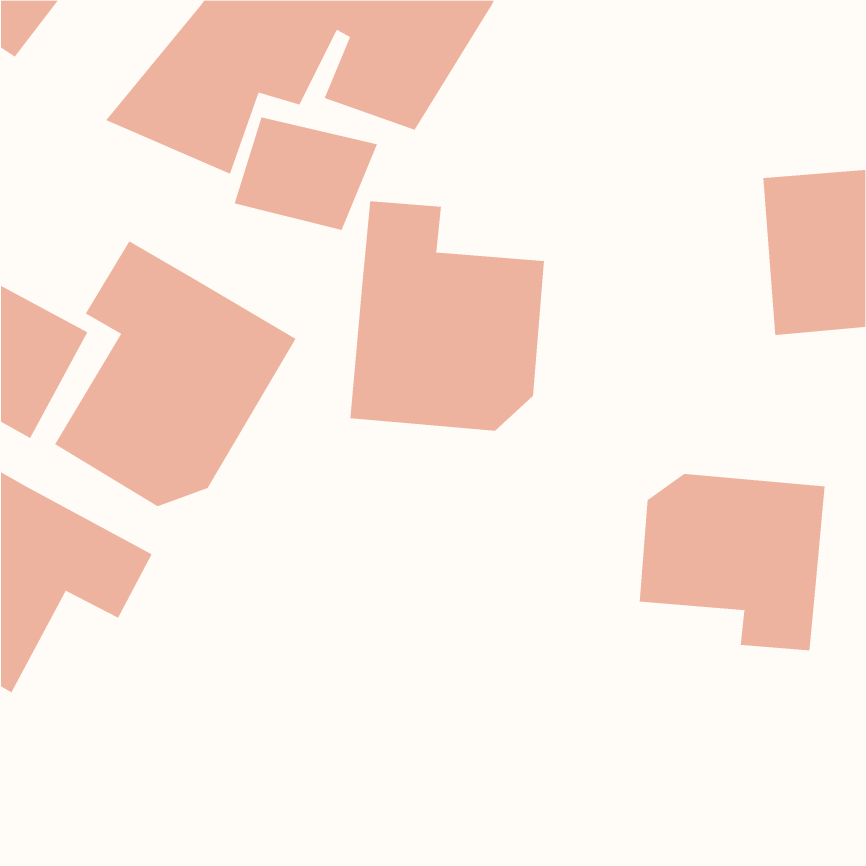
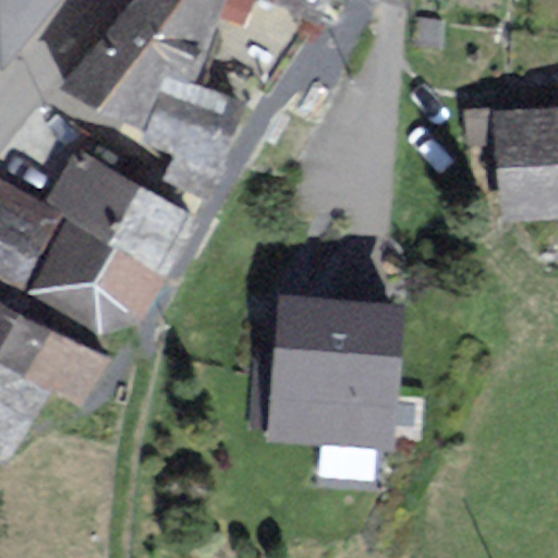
building: [350,201,545,432] -> none
building: none -> [277,290,399,435]
building: [639,473,825,651] -> none

